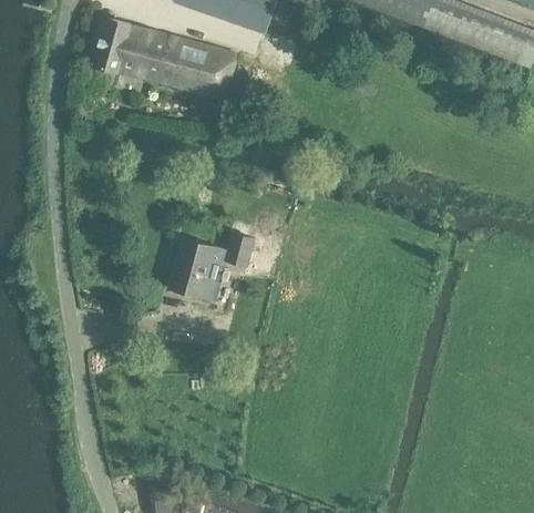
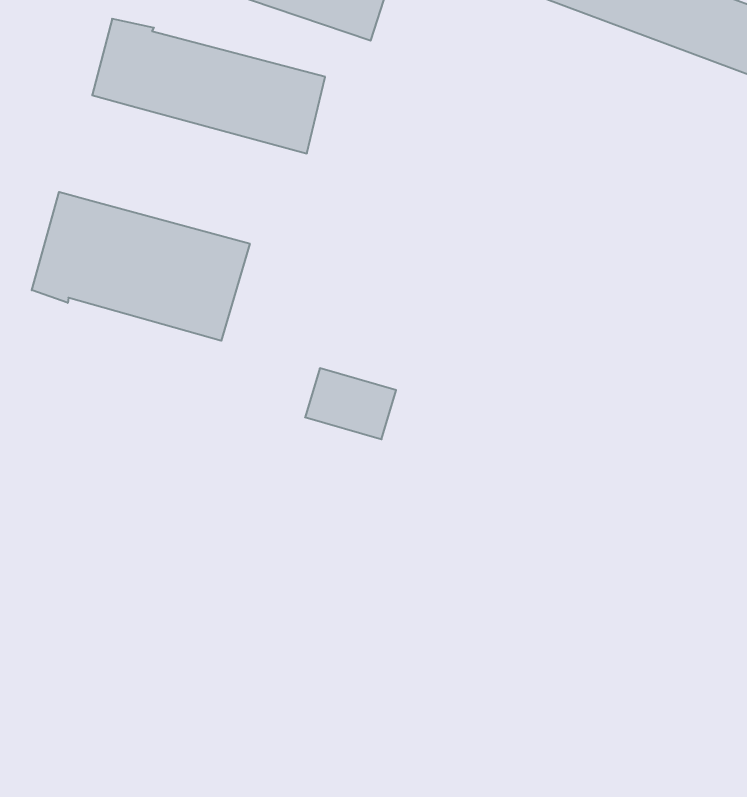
building: none -> [32,192,250,341]
building: [170,238,217,297] -> none

